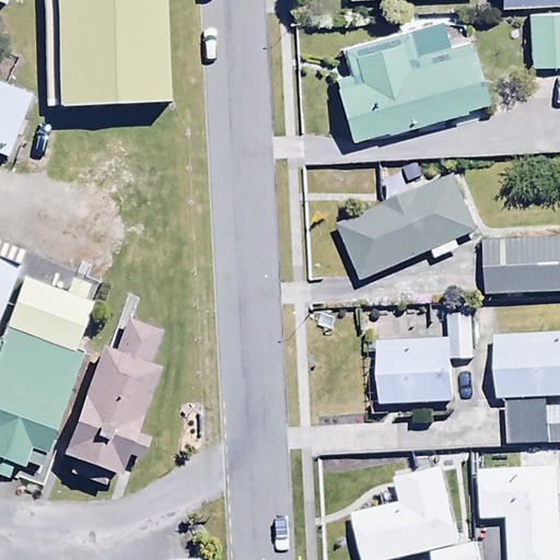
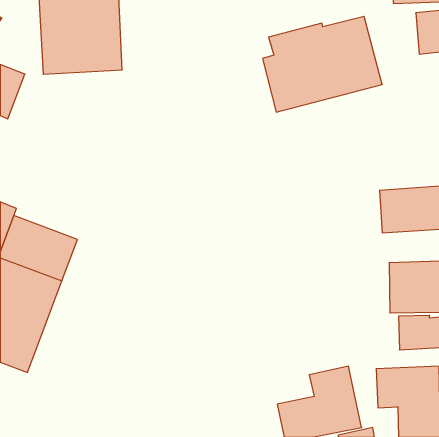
building: [337,175,475,280] -> none
building: [377,312,475,404] -> none
building: [65,340,163,475] -> none

